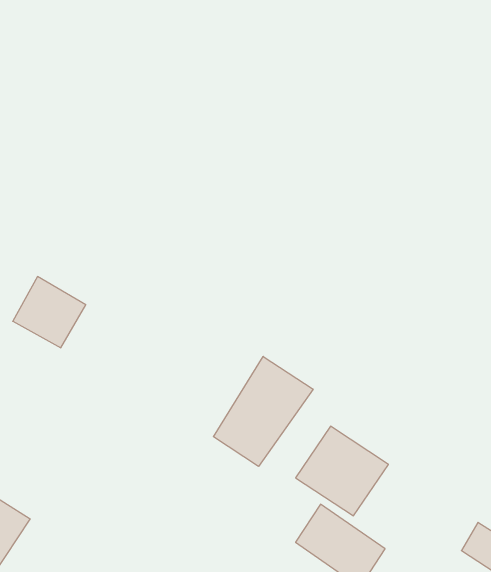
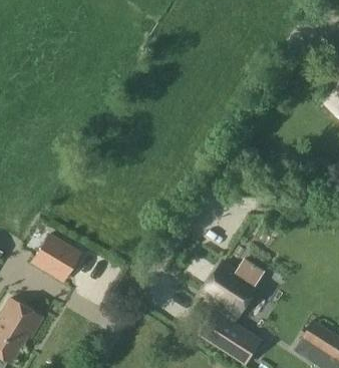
building: [13,277,86,348] -> [33,237,77,280]
building: [213,356,313,466] -> none

